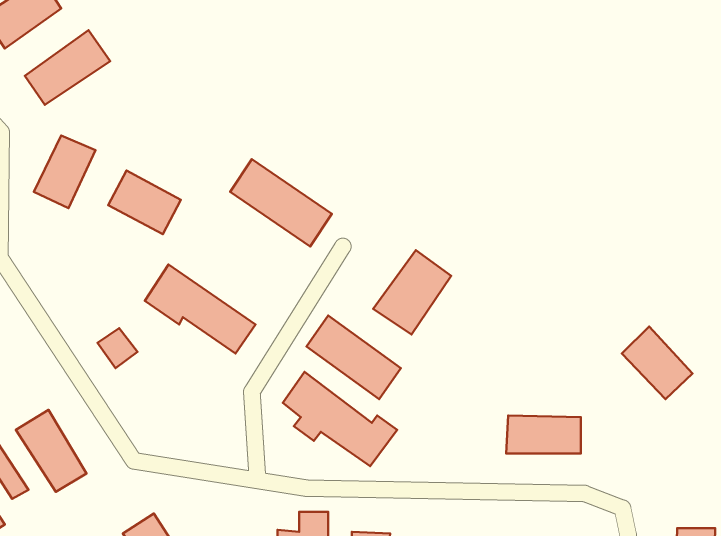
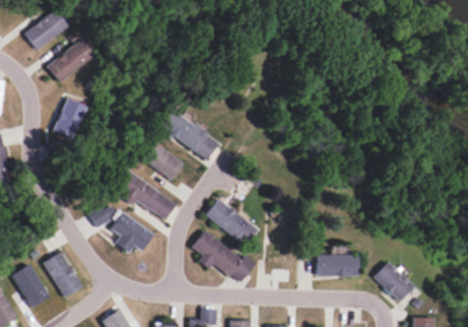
building: [108,171,181,234] -> [143,144,184,180]
building: [373,250,451,334] -> none
building: [622,326,693,399] -> [374,261,413,302]
building: none -> [112,213,154,252]

